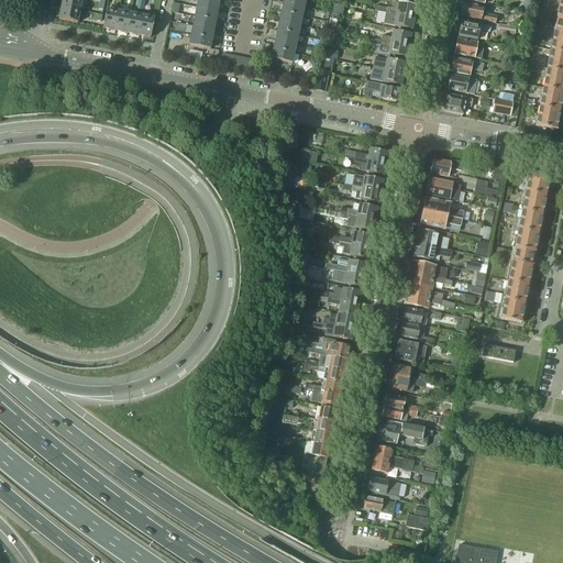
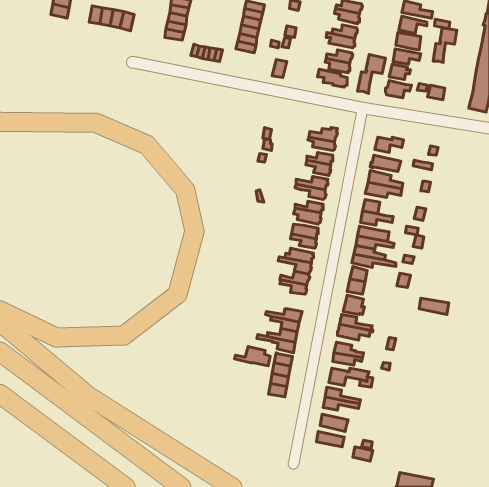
building: none -> [433,28,457,63]
building: none -> [357,55,386,94]
building: [501,170,550,320] -> none
building: [309,335,350,357] -> [235,347,270,366]

